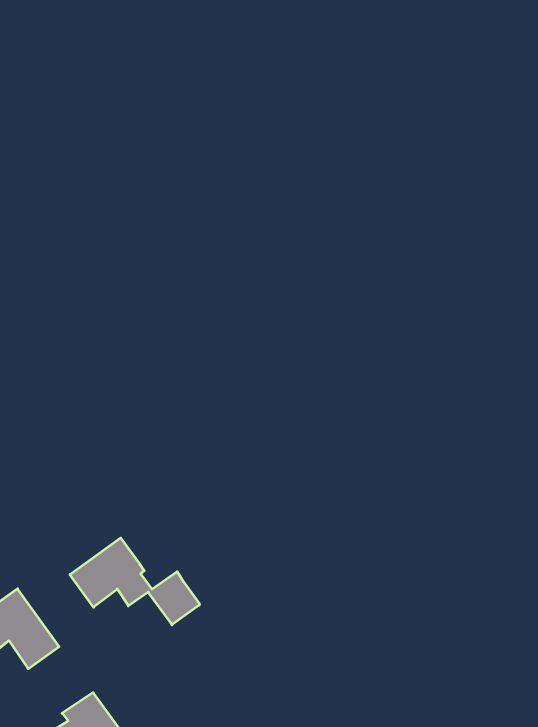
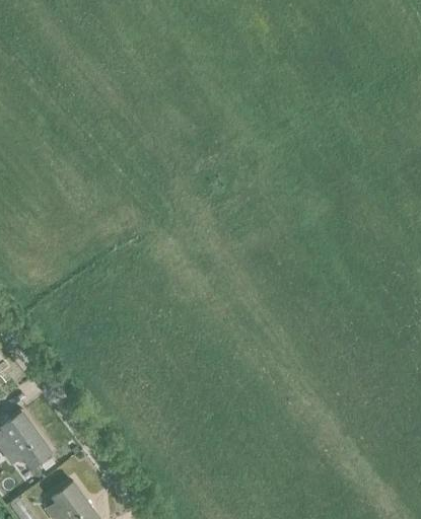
building: [70,538,199,625] -> none

